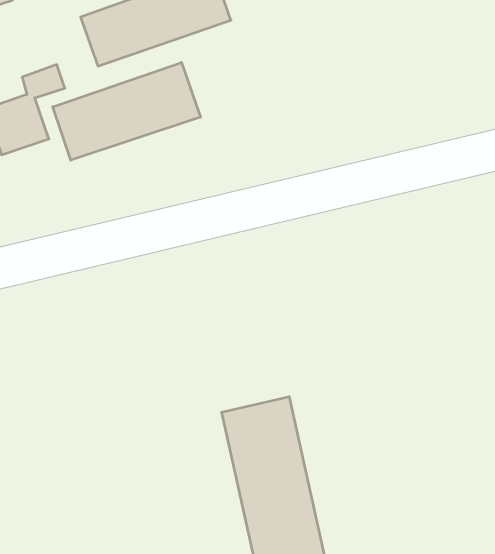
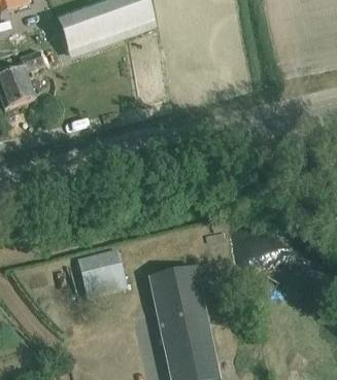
building: [53,62,200,160] -> none
building: none -> [77,248,128,298]

